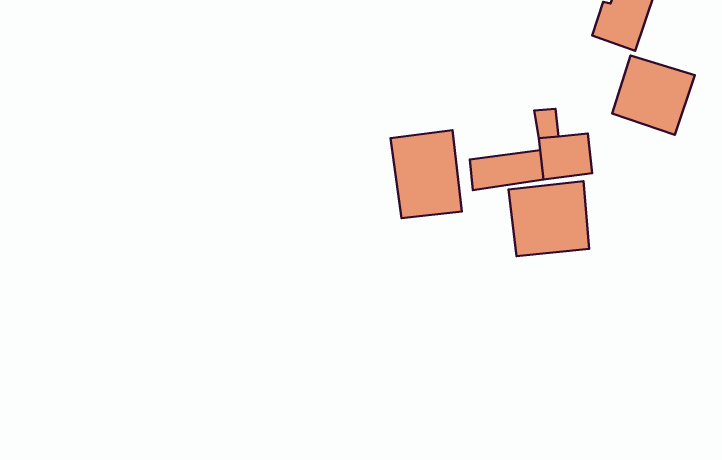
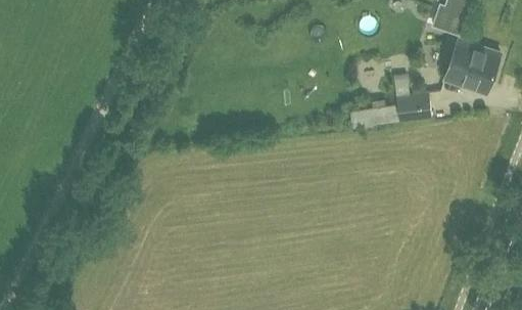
building: [391,130,462,218] -> none
building: [508,181,589,256] -> none

